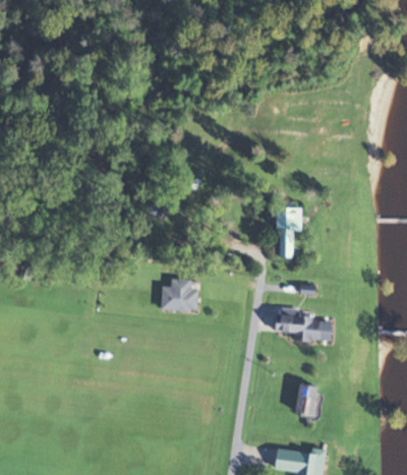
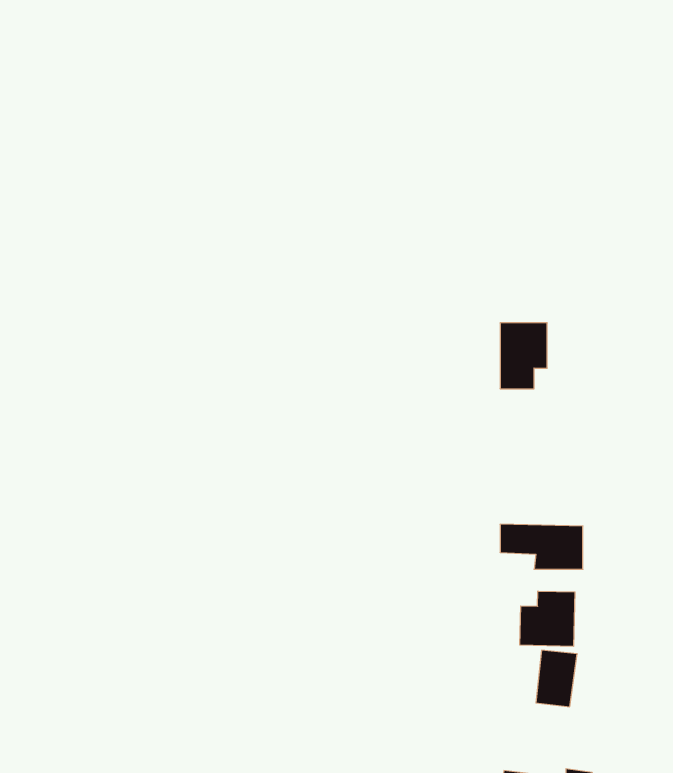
building: [162,279,198,310] -> none
building: none -> [520,591,575,646]

